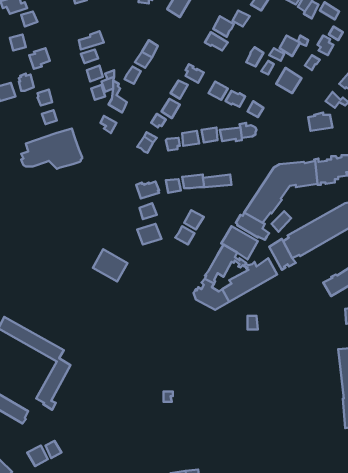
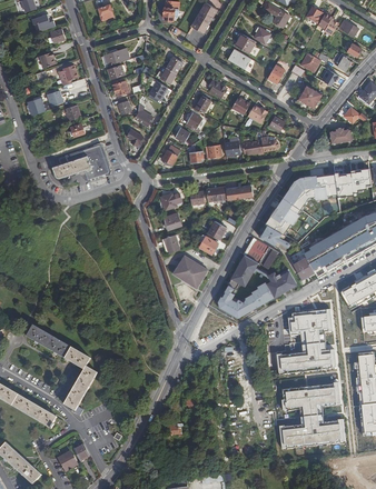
building: [93,249,127,281] -> [174,256,207,287]
building: none -> [279,309,335,370]
building: none -> [281,381,339,445]

